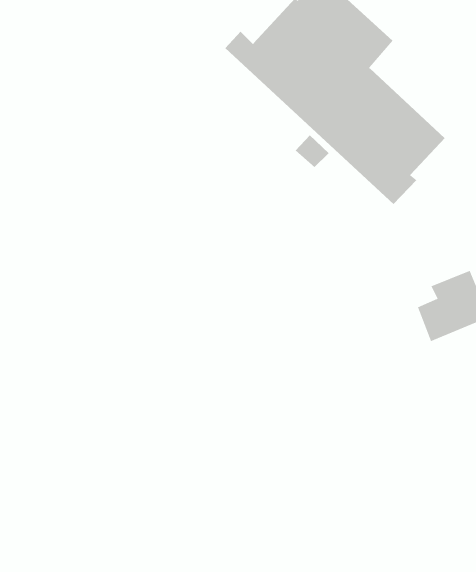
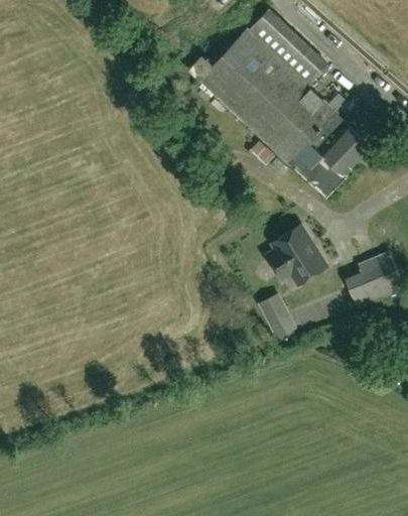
building: none -> [266,224,327,284]
building: none -> [258,292,297,339]

